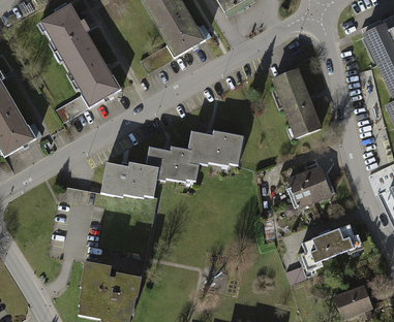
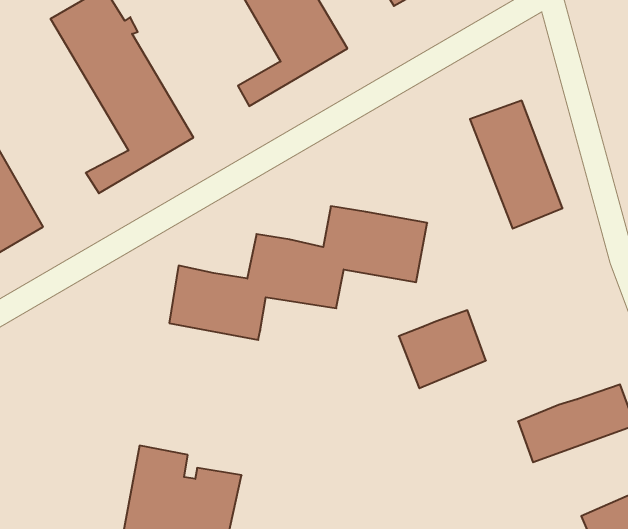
building: [282,168,331,212] -> [399,310,486,388]

